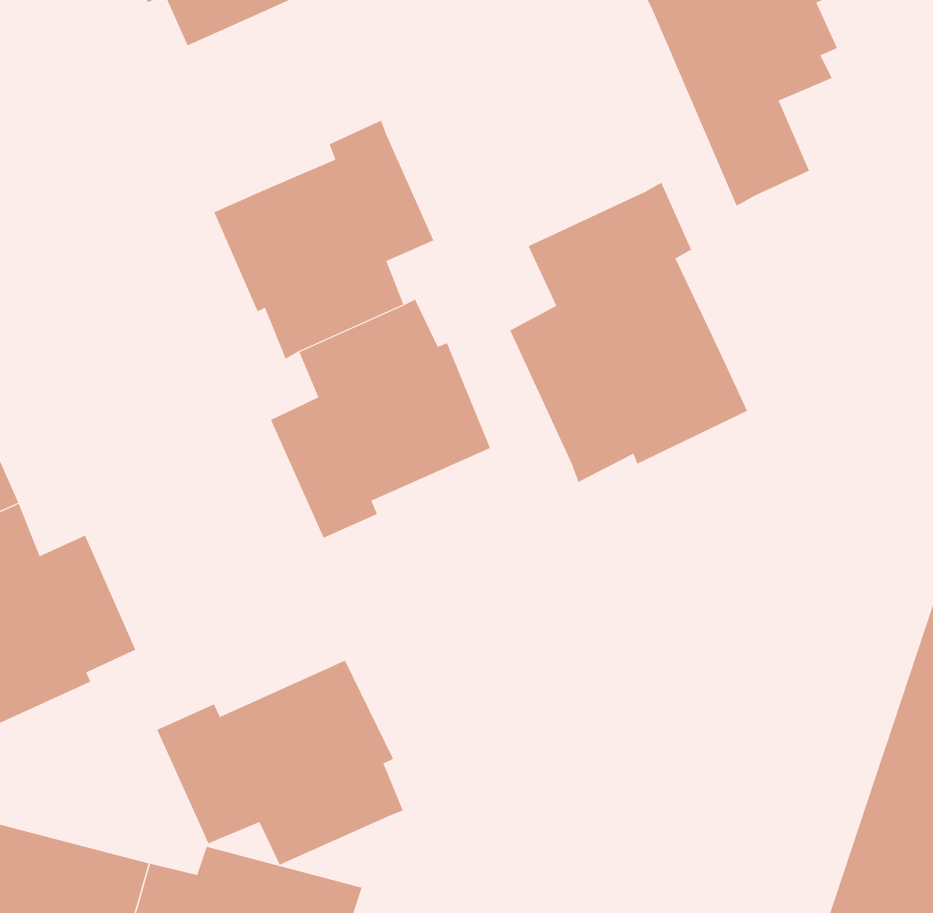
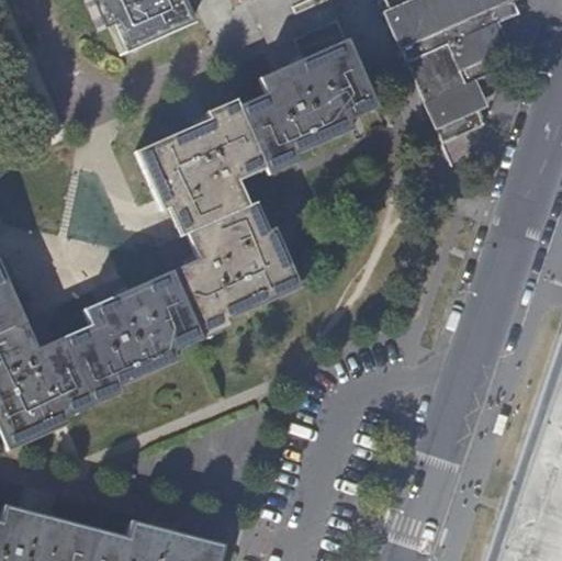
building: none -> [239,40,378,175]
building: [509,182,748,483] -> none
building: none -> [64,271,202,405]
building: [156,660,403,866] -> none

